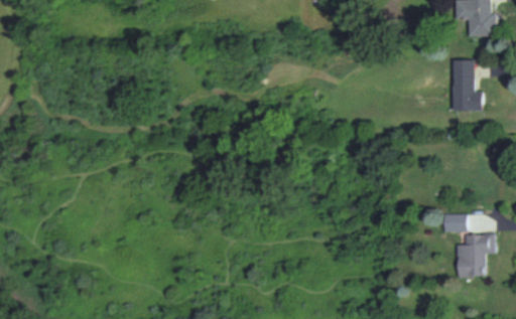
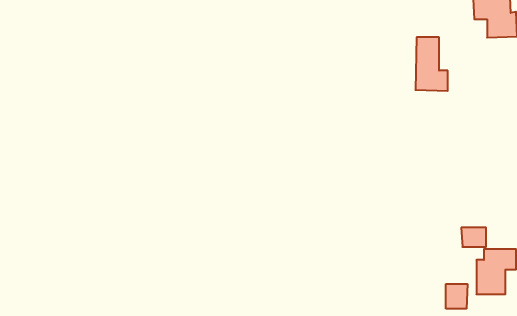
building: [452,60,482,111] -> [415,37,448,91]
building: none -> [446,284,467,309]

